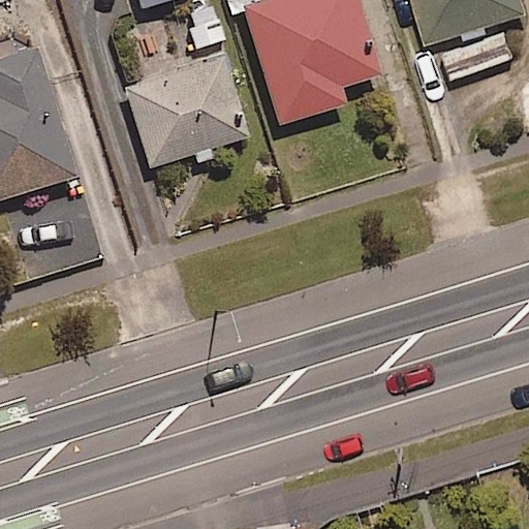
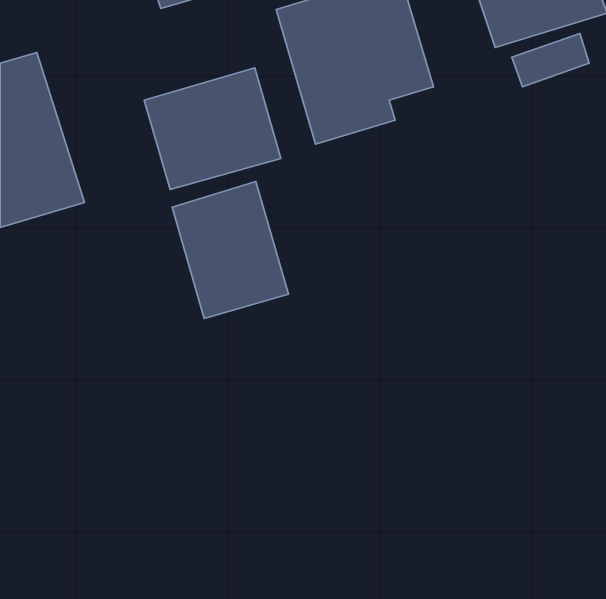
building: none -> [172,182,288,319]

